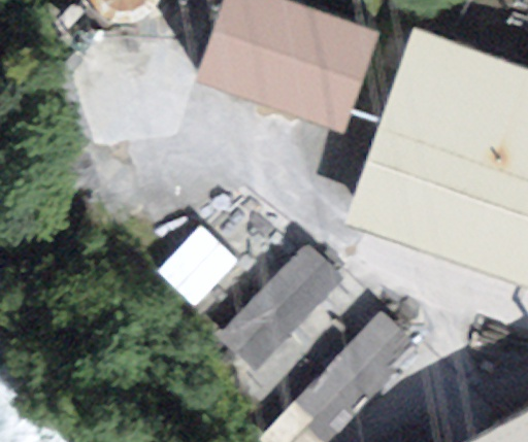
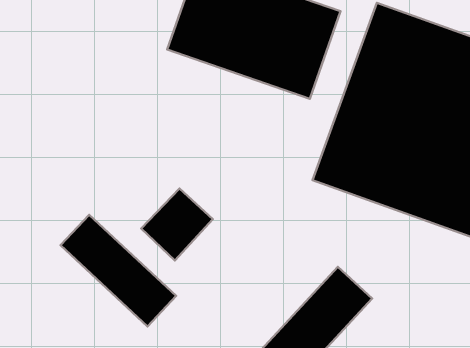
building: [214,244,356,388] -> none
building: none -> [61,215,176,326]

